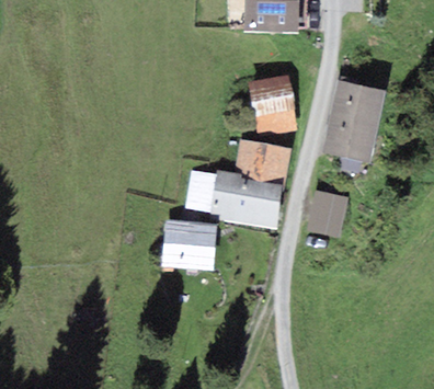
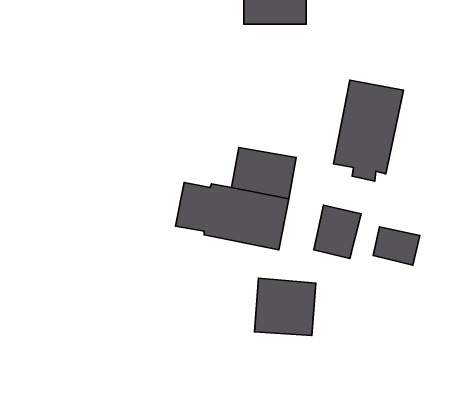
building: [247,72,298,137] -> none
building: none -> [373,227,420,265]
building: [161,218,215,268] -> [255,278,316,336]

